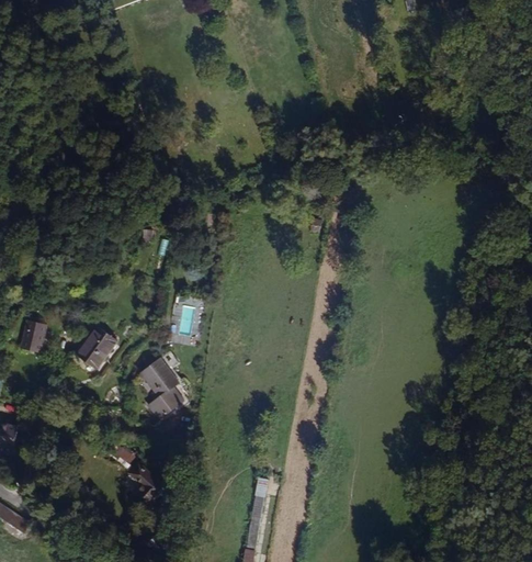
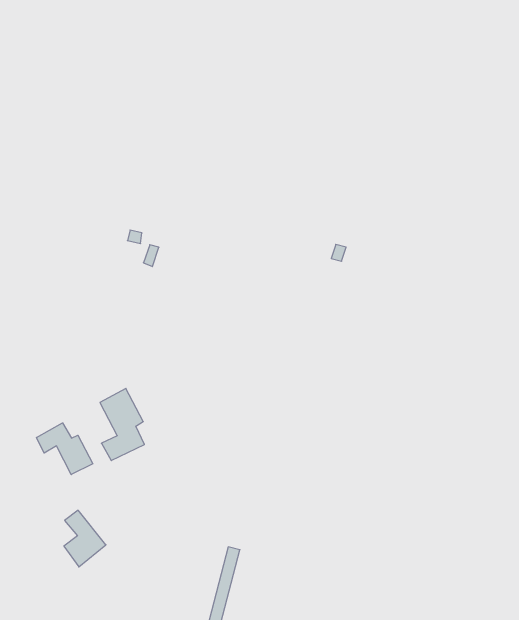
building: [71,326,112,368] -> none
building: none -> [37,423,93,475]

